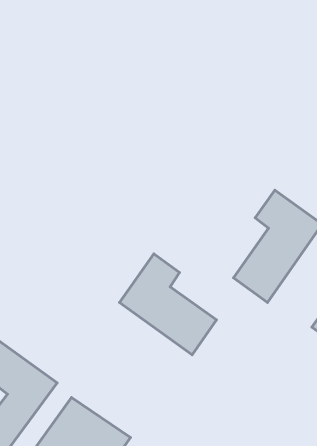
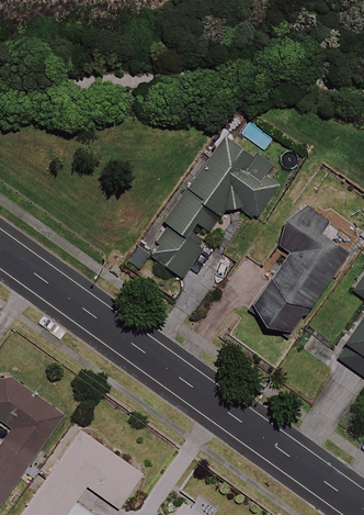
building: none -> [150,138,284,275]
building: [120,254,217,355] -> none

